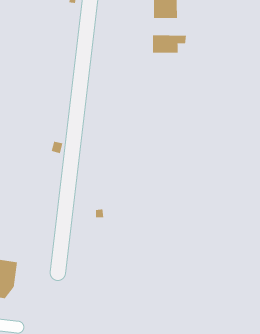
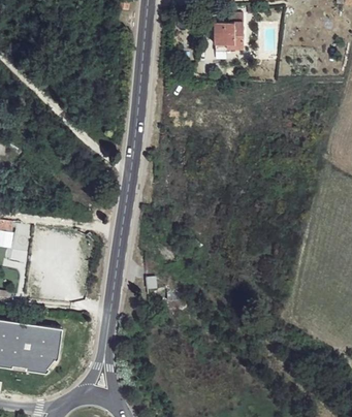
building: [152,34,187,54] -> none

